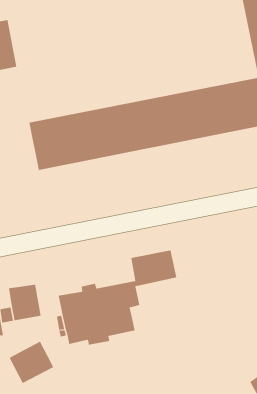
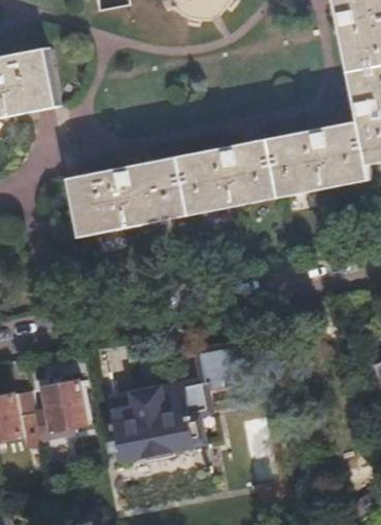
building: [9,341,54,384] -> none

